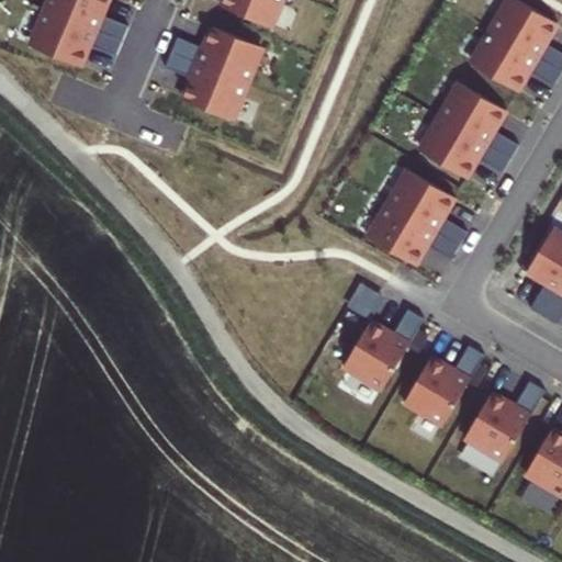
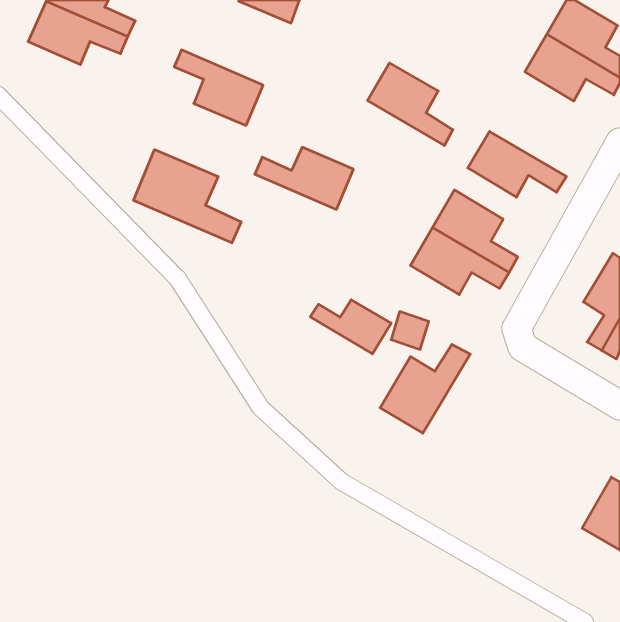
building: [164,21,252,77] -> [255,147,353,209]
building: [441,85,518,159] -> [368,63,453,146]
building: none -> [134,150,241,243]
building: none -> [310,300,391,354]
building: [403,346,484,427] -> none
building: [463,382,544,463] -> none

